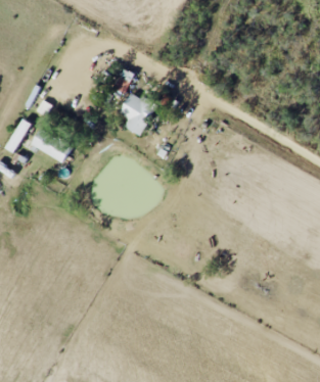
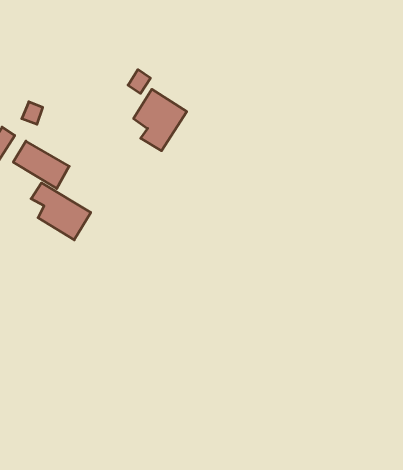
building: none -> [31,183,91,240]

